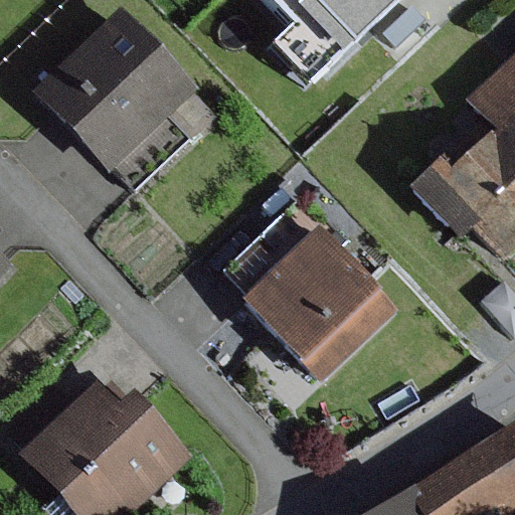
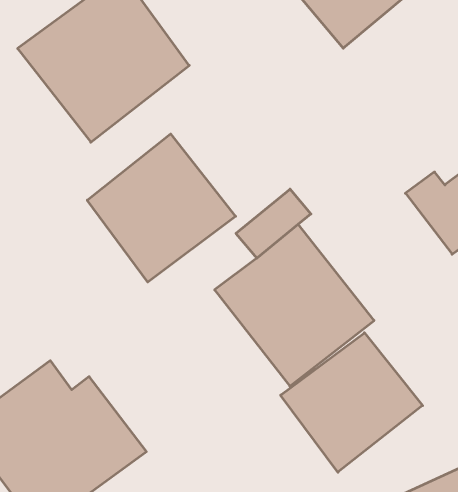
building: none -> [87,134,236,282]
building: none -> [281,333,423,472]

